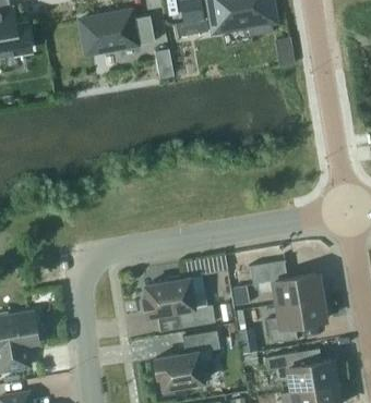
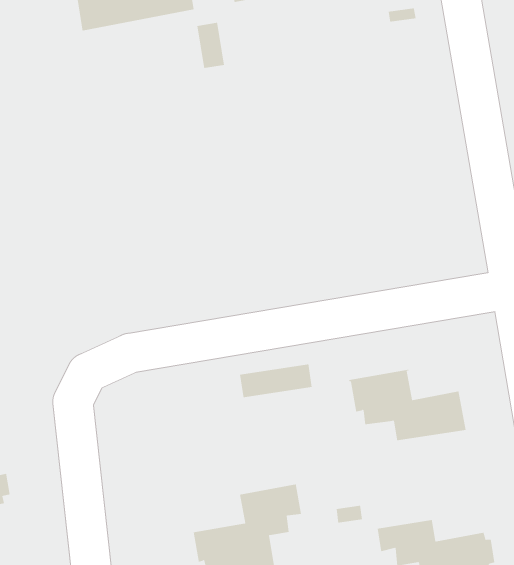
building: [142,276,214,329] -> none
building: [266,297,327,343] -> none

